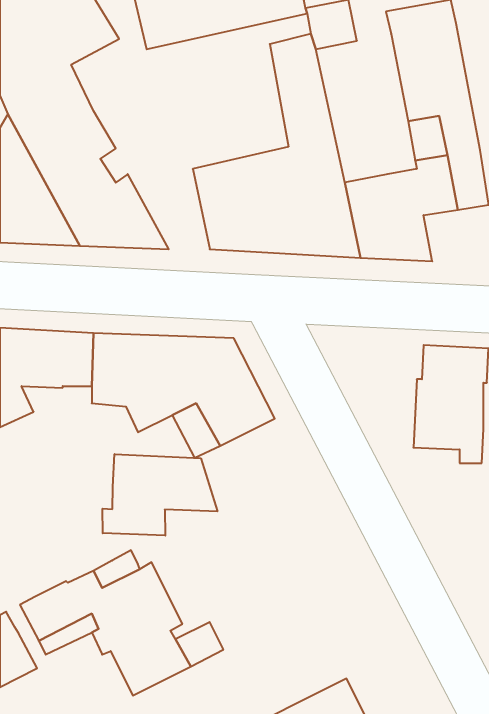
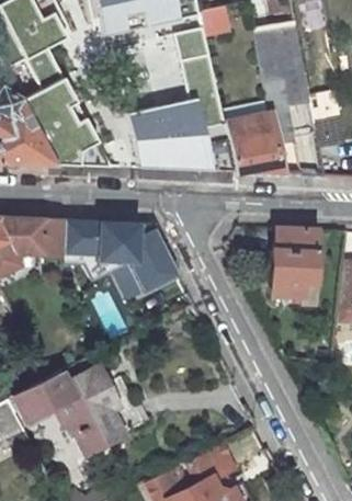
building: [103,454,217,536] -> none

